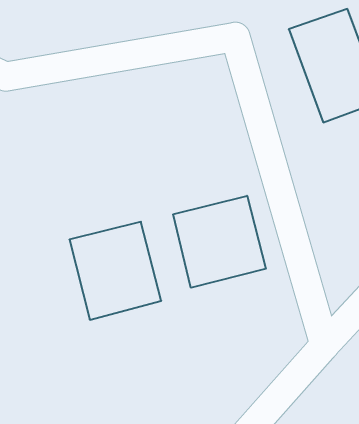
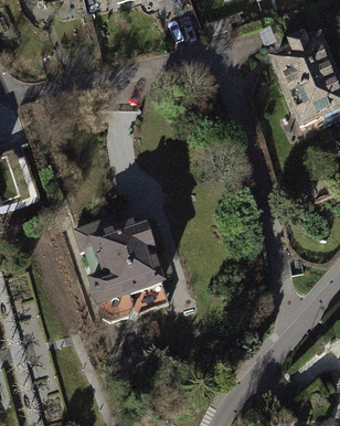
building: [173,196,266,288] -> none

